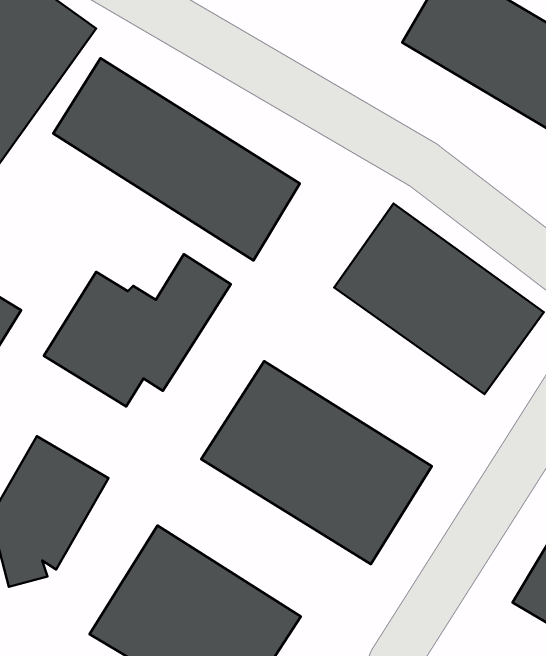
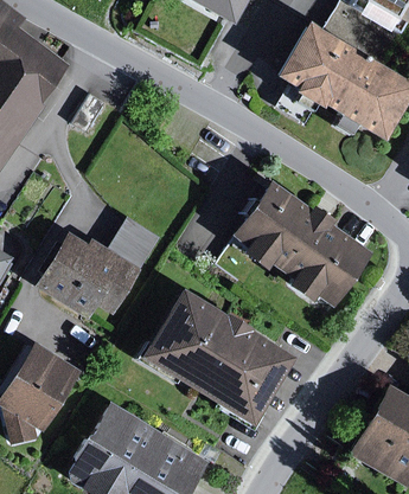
building: [53,58,300,261] -> none

